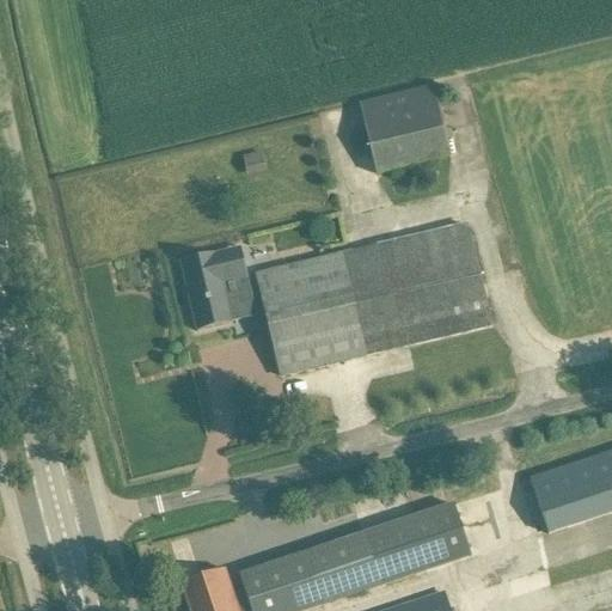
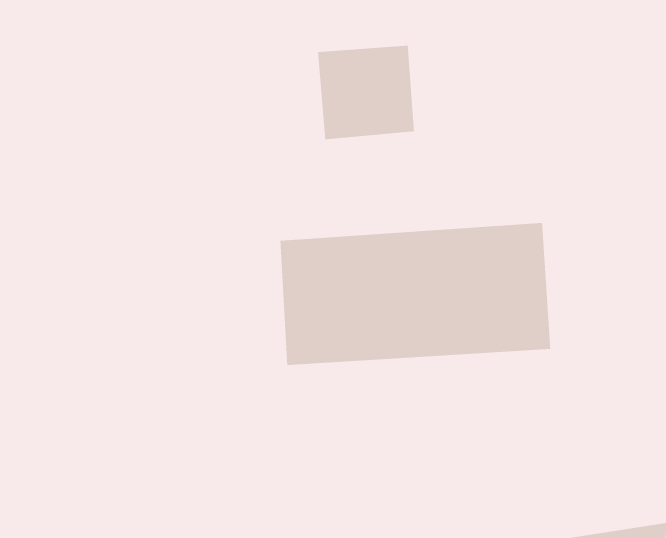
building: [360,84,449,172] -> [317,45,415,140]
building: [179,240,251,319] -> none

